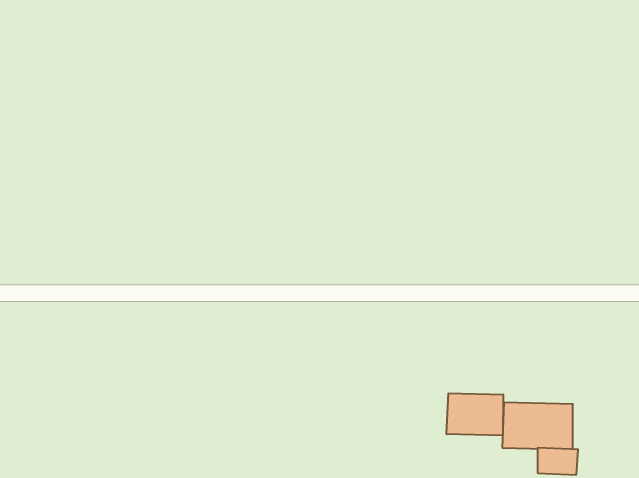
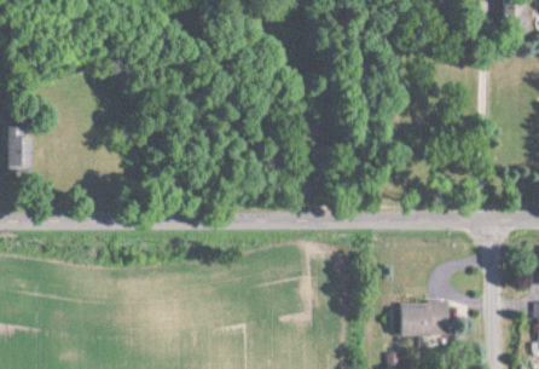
building: [447,393,503,436] -> none

